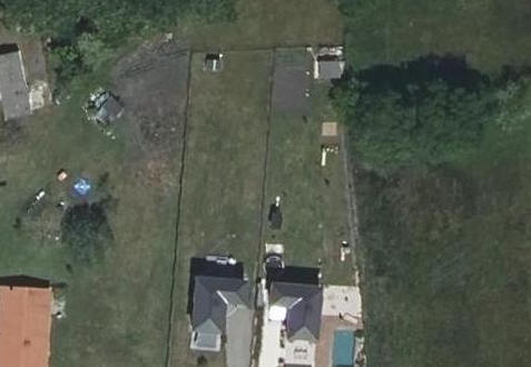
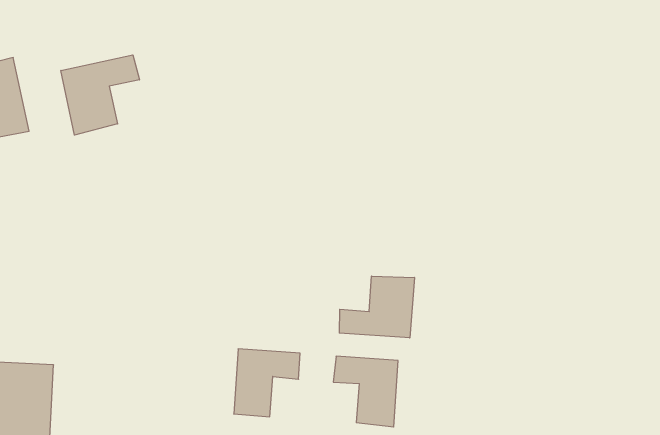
building: none -> [61,55,139,135]
building: none -> [339,276,414,338]

